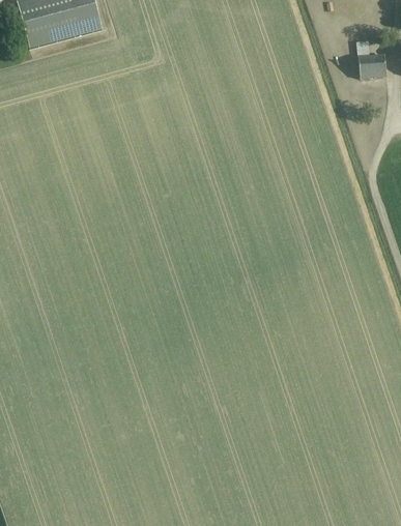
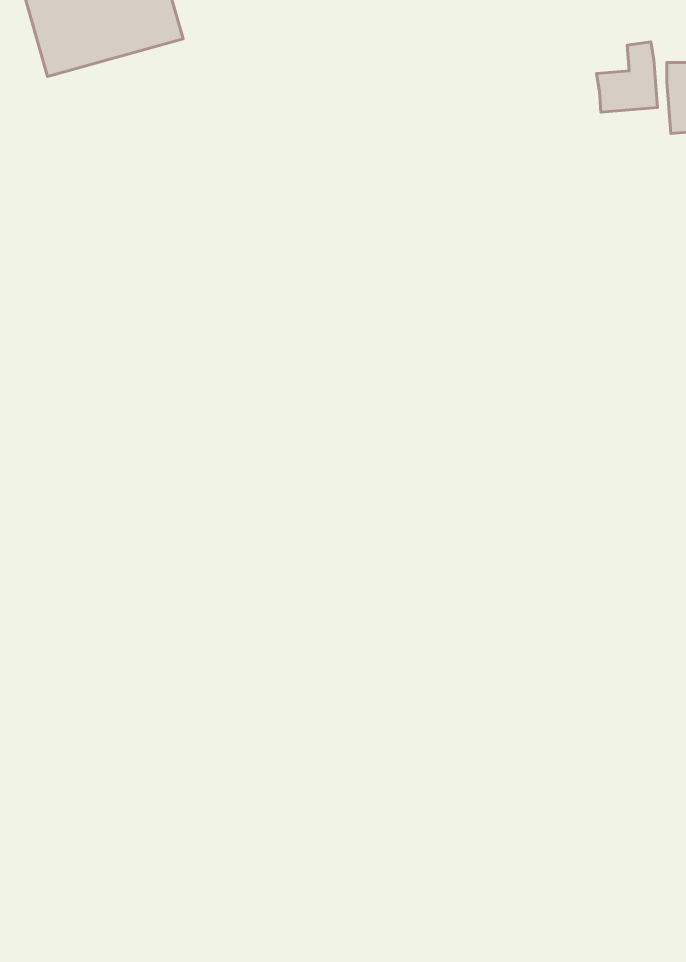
building: none -> [597,42,658,112]

